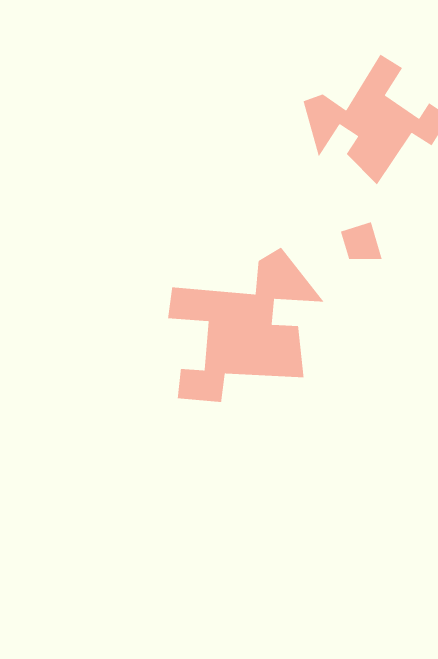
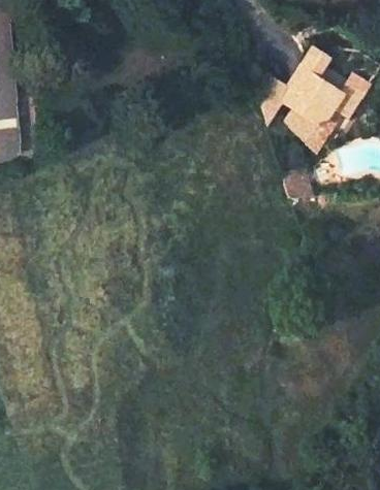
building: [167,246,325,403] -> none

